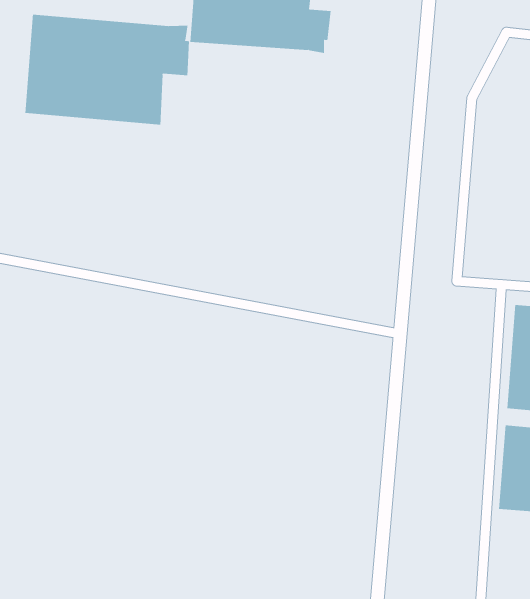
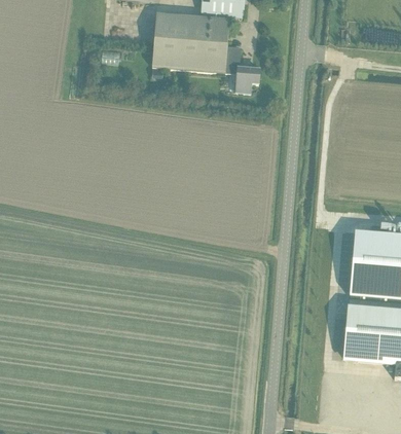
building: [25,14,189,125] -> none
building: none -> [235,64,260,89]

